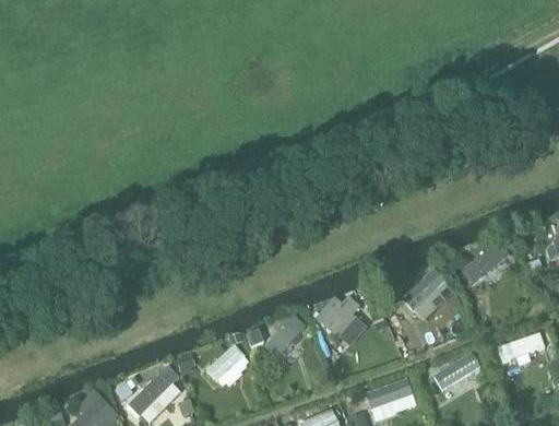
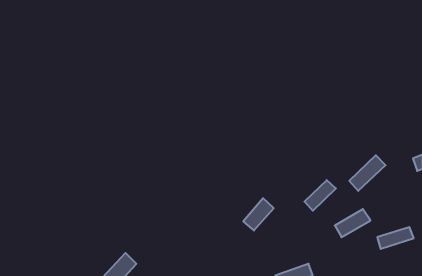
building: [264,317,305,360] -> none
building: [206,346,245,382] -> none
building: [433,353,480,390] -> [335,209,370,237]

